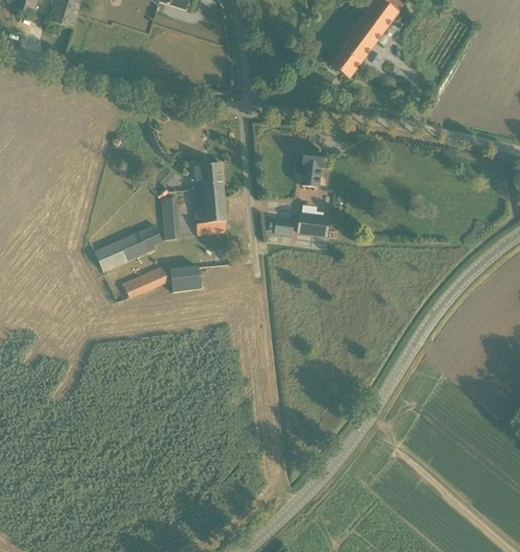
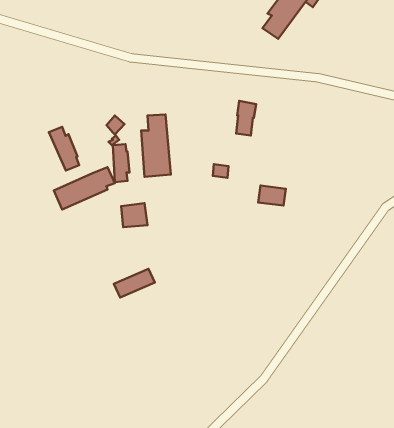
building: none -> [49,127,79,171]
building: [297,214,328,236] -> [258,186,286,206]
building: [122,265,169,298] -> [114,269,155,297]

